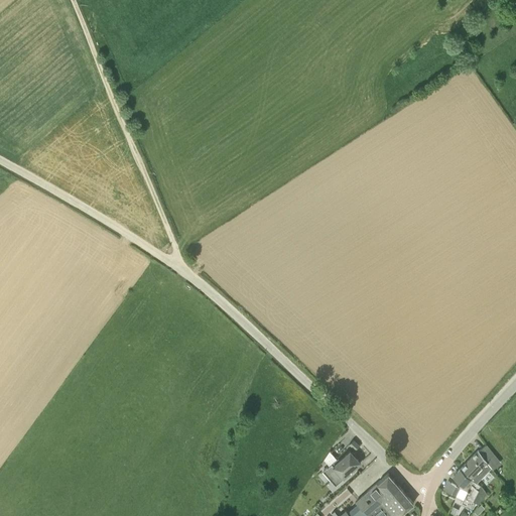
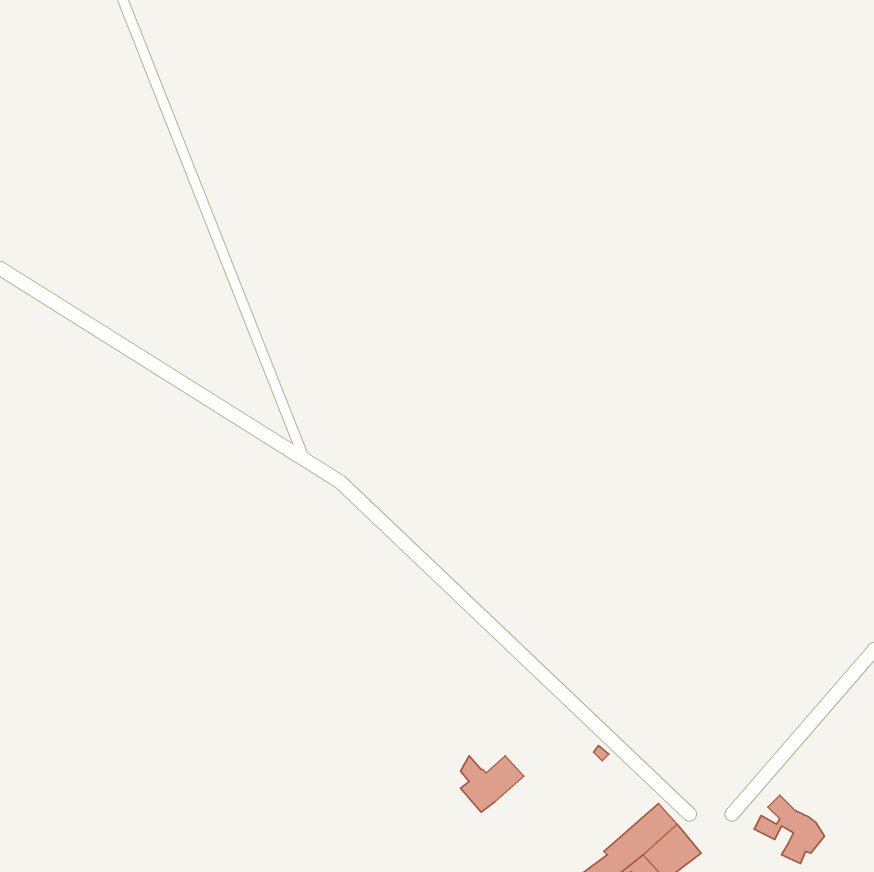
building: [460,450,491,483] -> none
building: [324,452,361,485] -> [461,756,524,812]

